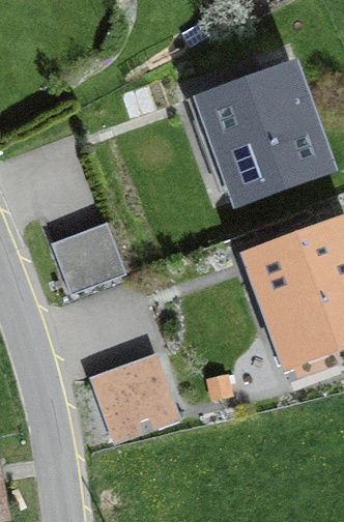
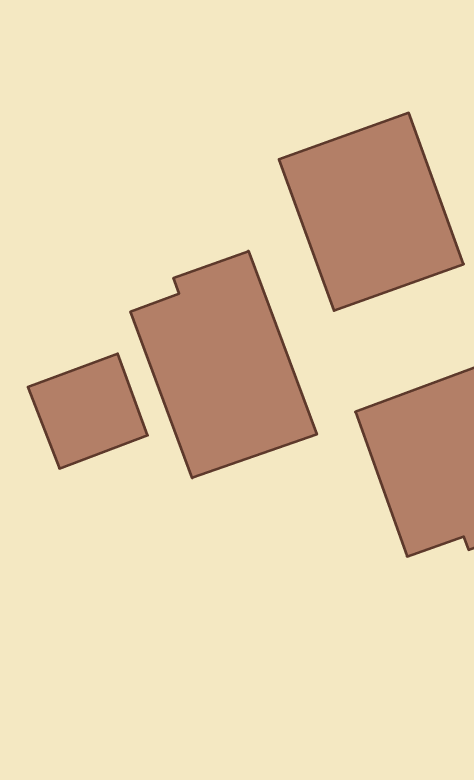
building: none -> [131,251,317,478]
building: [93,357,176,440] -> none

